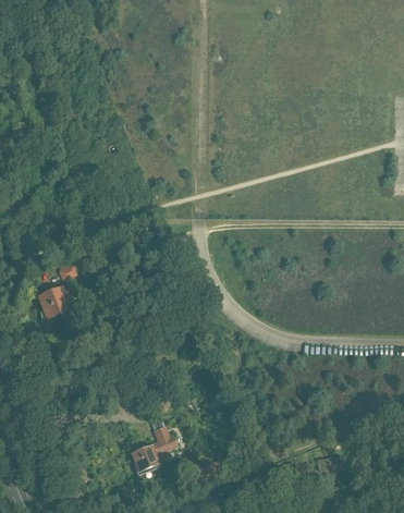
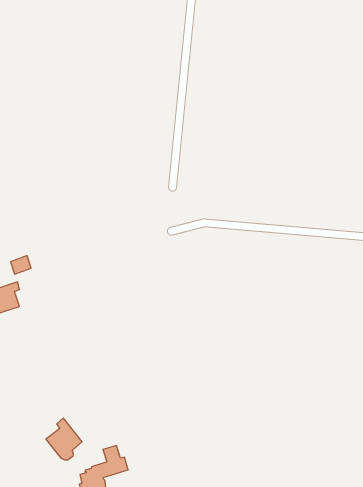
building: none -> [46,418,82,460]

